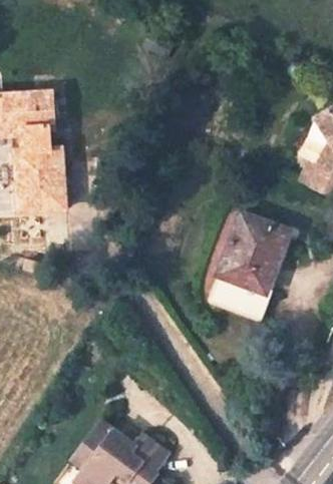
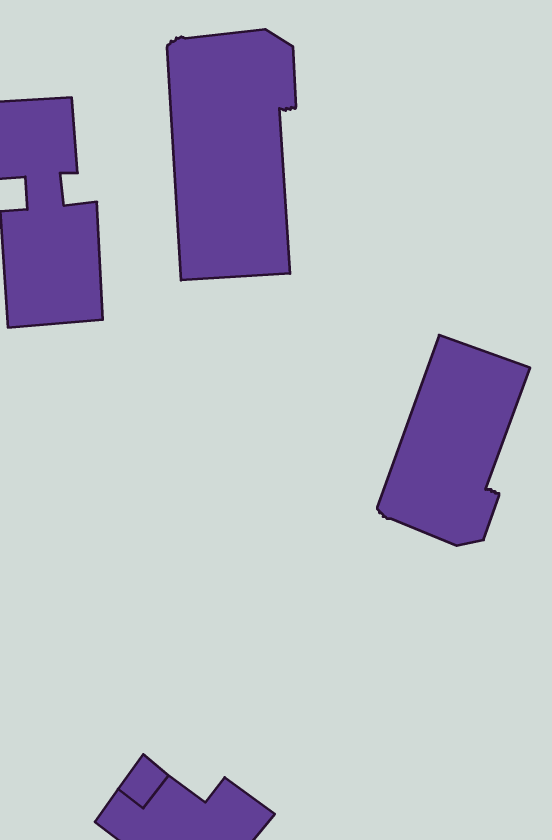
building: none -> [167,29,296,280]

